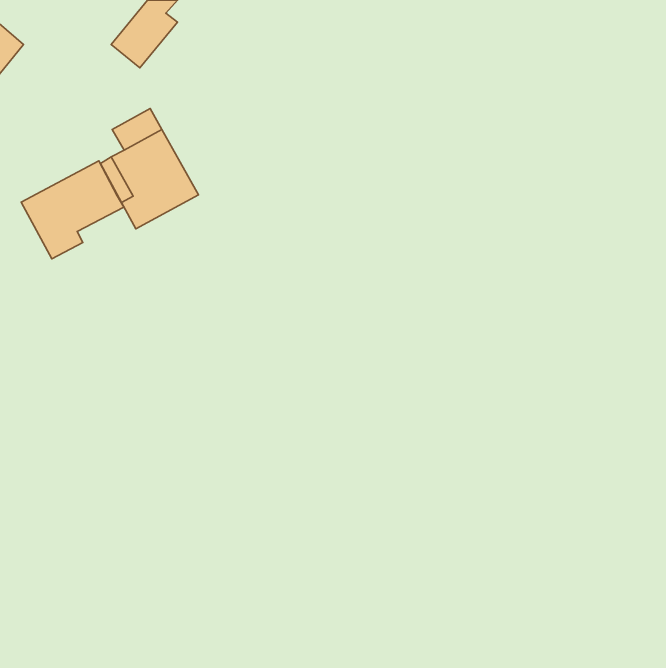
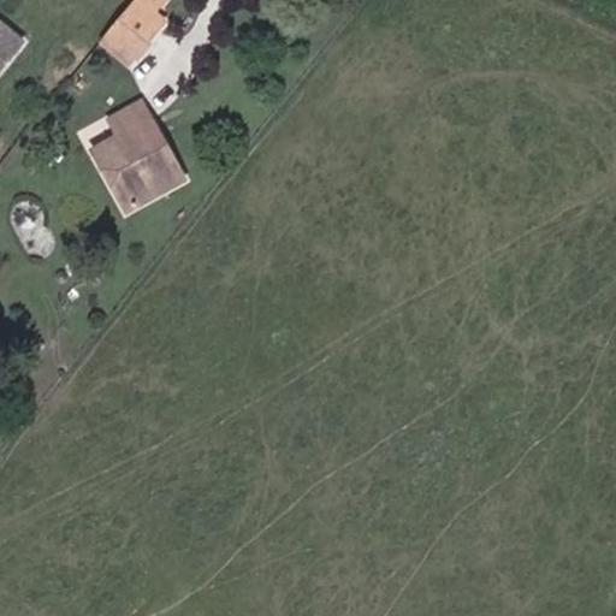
building: [21,161,124,259] -> none

